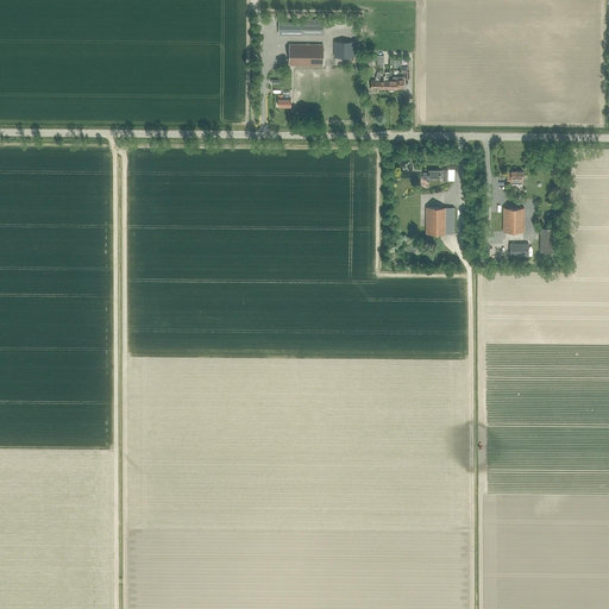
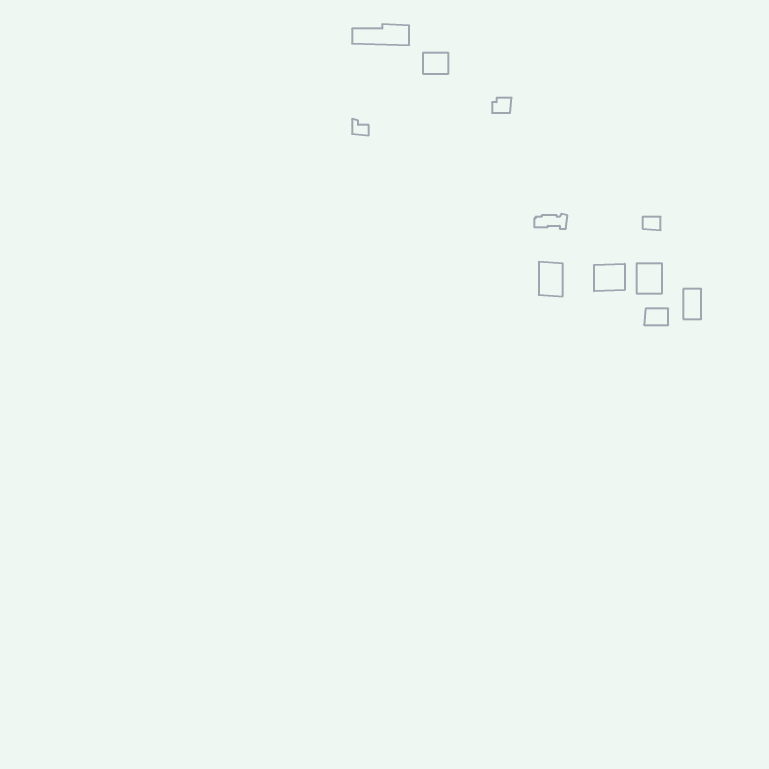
building: [289,44,324,65] -> none
building: none -> [594,264,625,291]

